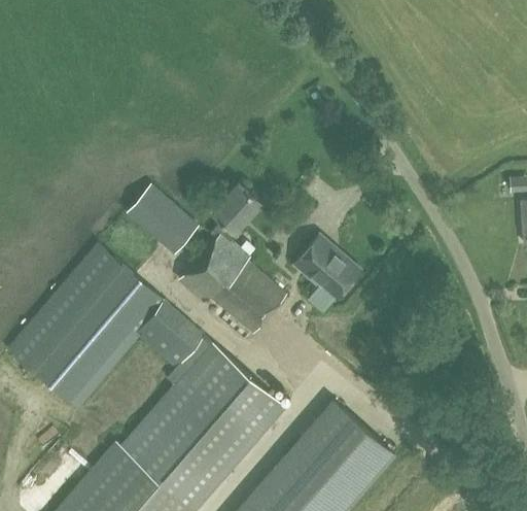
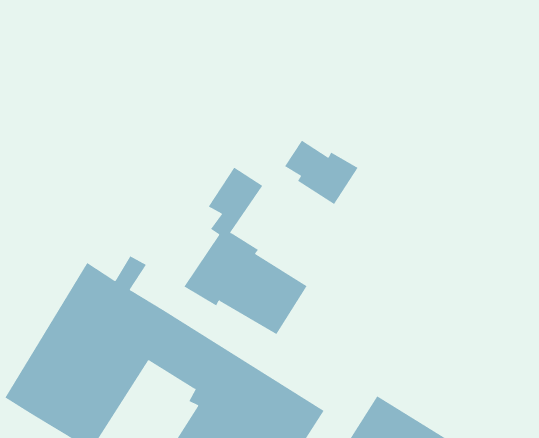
building: [128,185,200,254] -> none
building: [296,240,360,301] -> [284,140,358,205]

